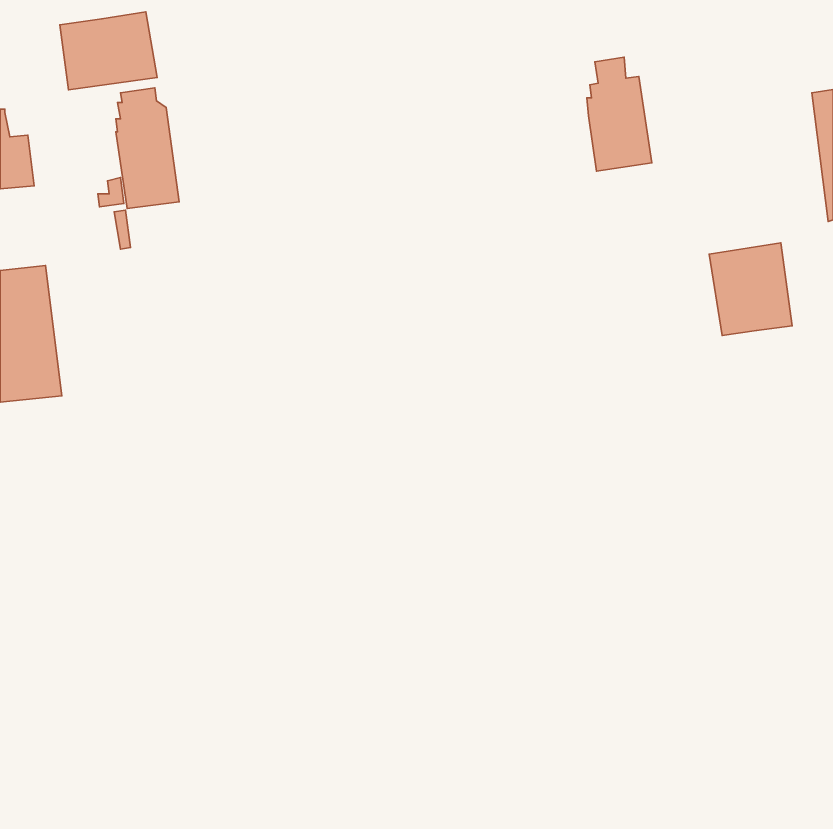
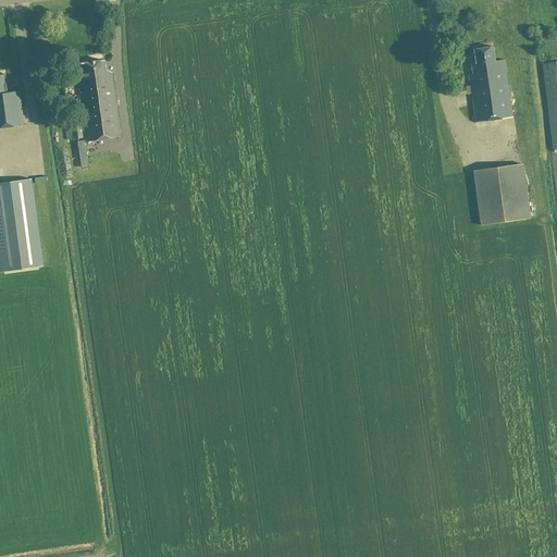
building: [60,12,157,90] -> none
building: [587,57,652,171] -> [469,45,512,121]

